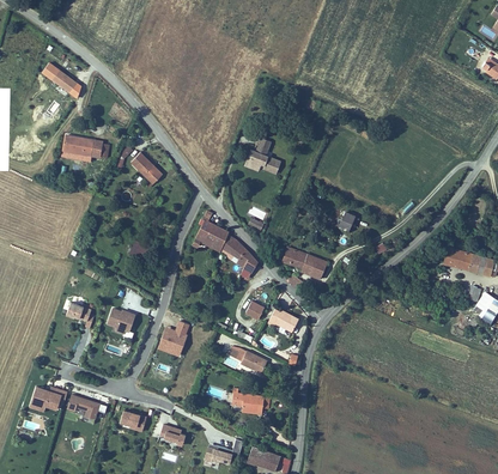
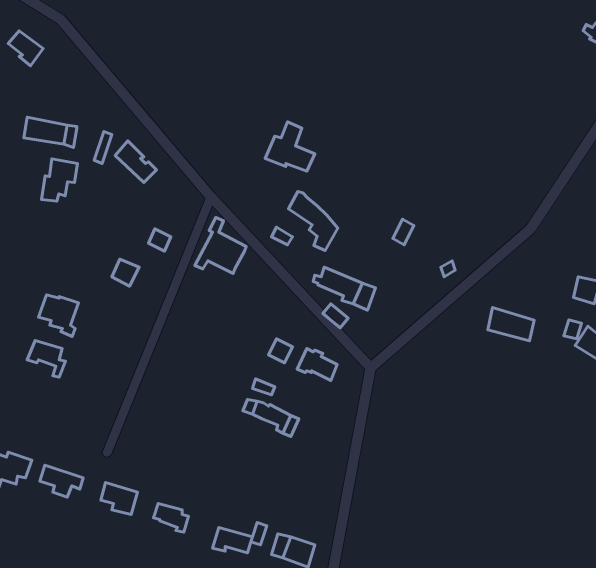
building: none -> [41,159,78,201]
building: [220,236,257,280] -> [288,191,338,250]
building: [443,245,478,271] -> [488,307,534,341]
building: [105,309,135,340] -> [39,295,78,336]
building: [157,321,190,357] -> none
building: [231,389,269,412] -> none

